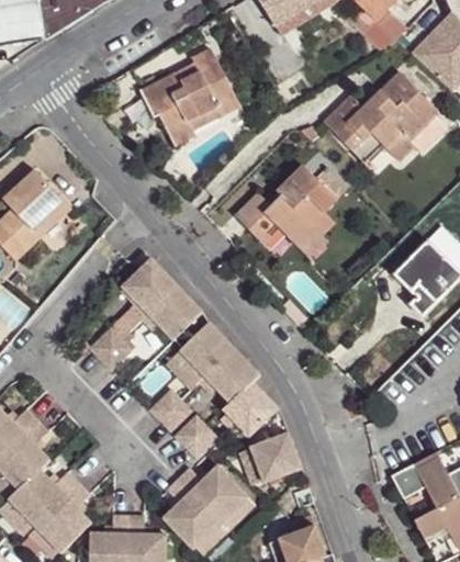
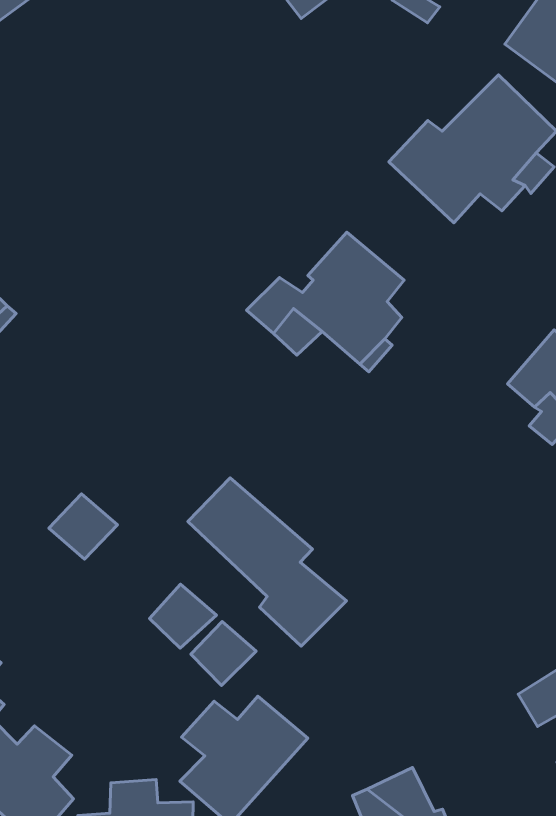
building: [135,50,238,149] -> none
building: [121,256,201,336] -> none
building: [251,432,302,483] -> none

